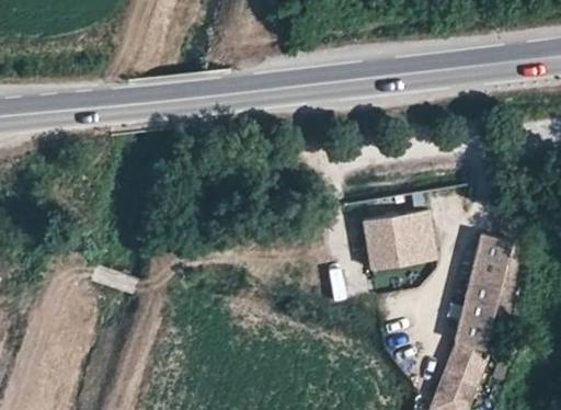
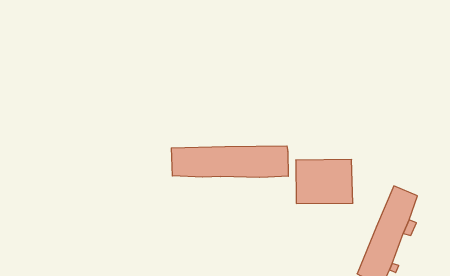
building: none -> [171,146,288,177]

